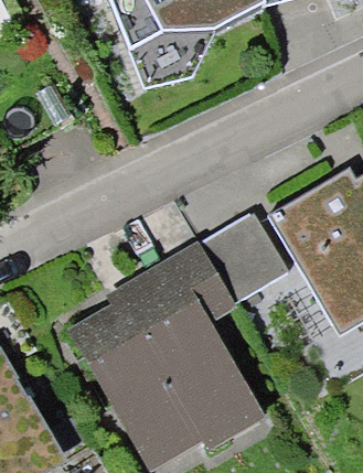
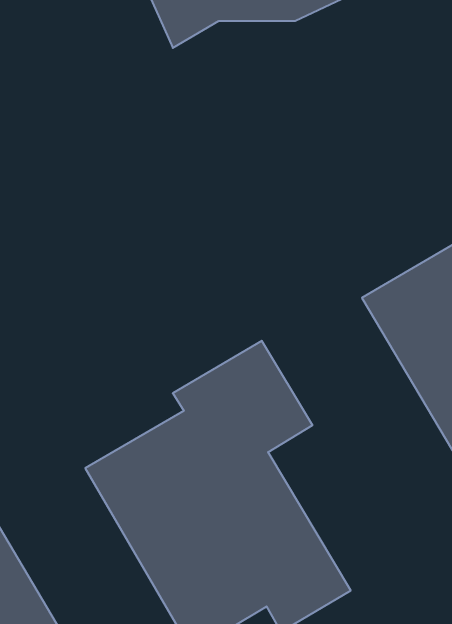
building: [196,214,287,305] -> none

